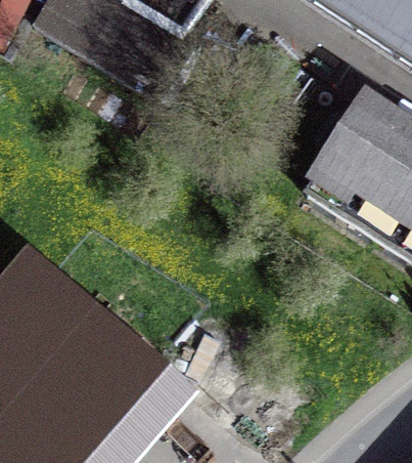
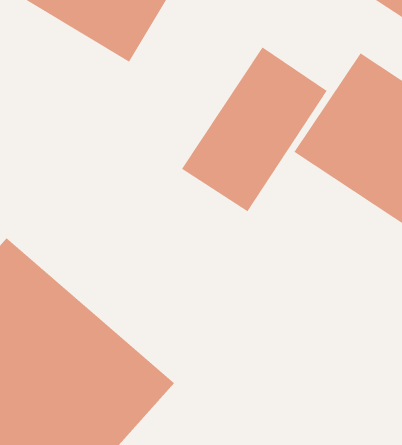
building: none -> [181,47,328,212]

